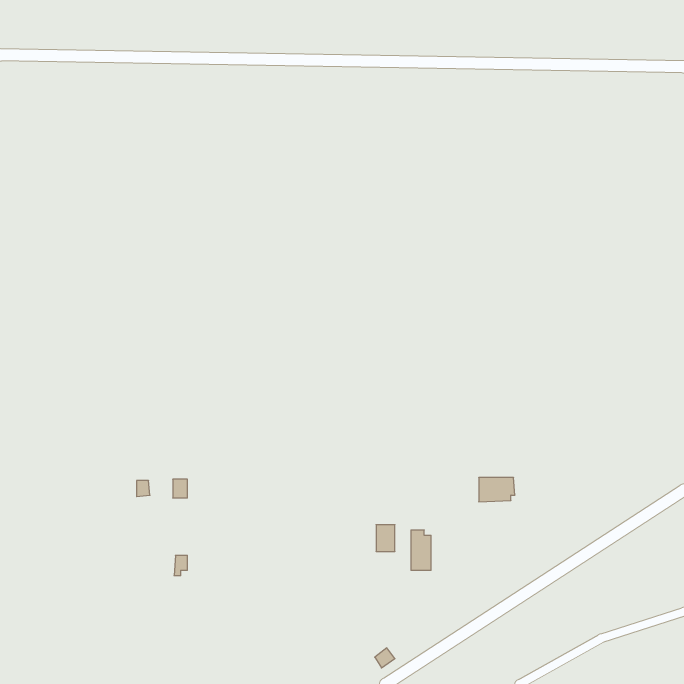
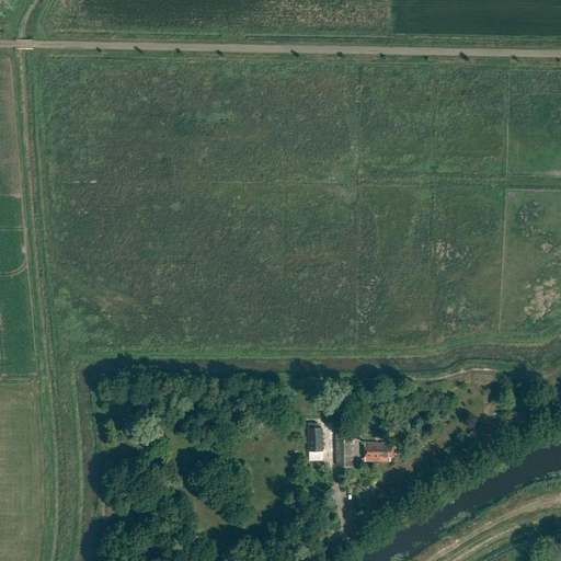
building: [479,478,515,502] -> [365,443,394,462]

